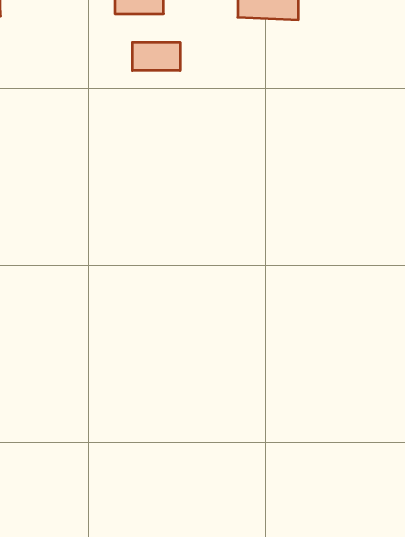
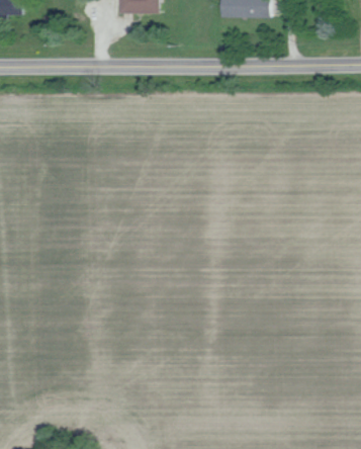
building: [132,42,180,71] -> none

